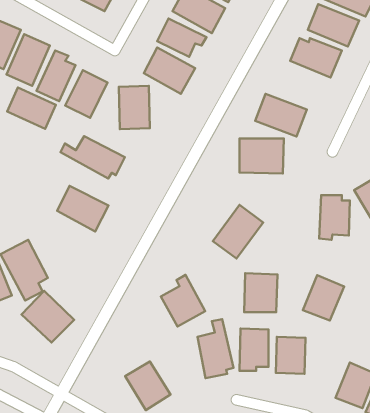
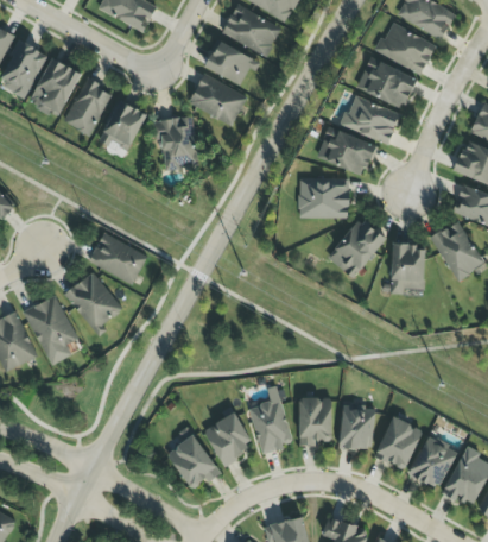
building: none -> [341,95,399,144]
building: [7,88,56,129] -> none
building: [61,136,125,178] -> none
building: [213,205,263,259] -> [327,218,385,279]
building: [244,273,278,312] -> none
building: [161,275,205,327] -> [203,405,254,465]
building: [303,275,344,320] -> [374,417,422,469]
building: [22,291,74,343] -> [63,271,123,330]

